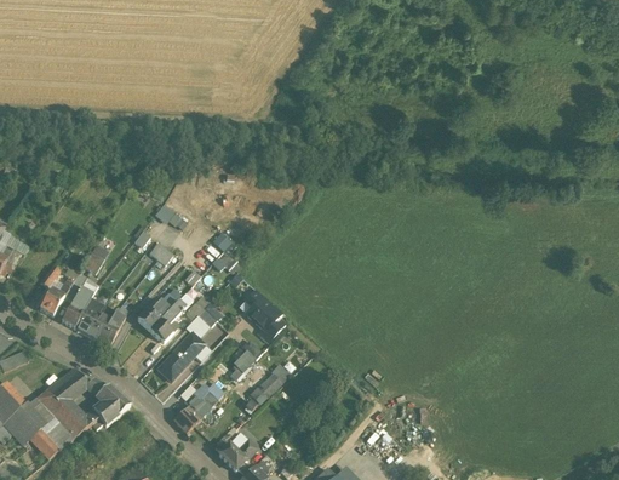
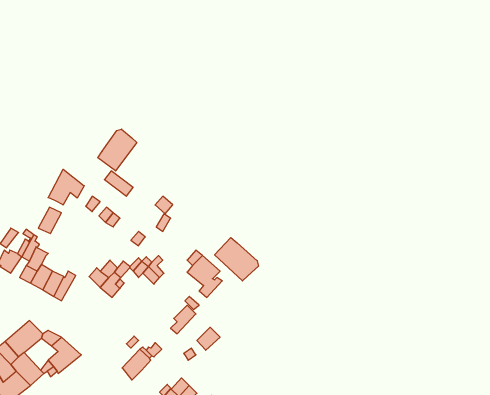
building: none -> [98,129,137,171]
building: none -> [48,169,84,205]
building: none -> [215,238,258,281]
building: [157,332,204,381] -> none

